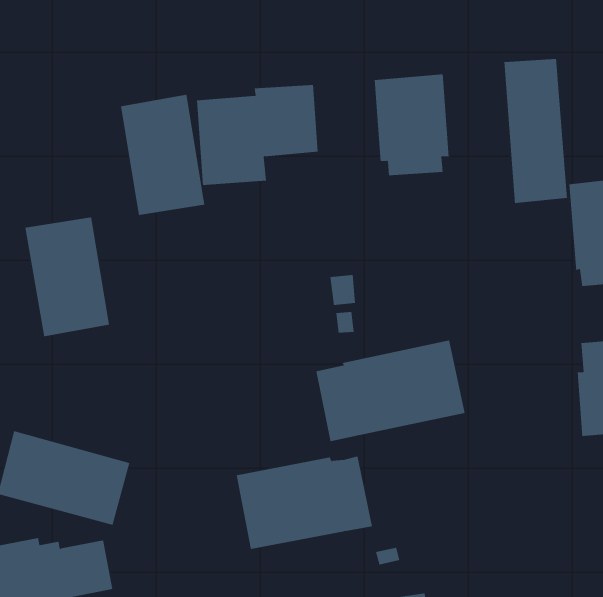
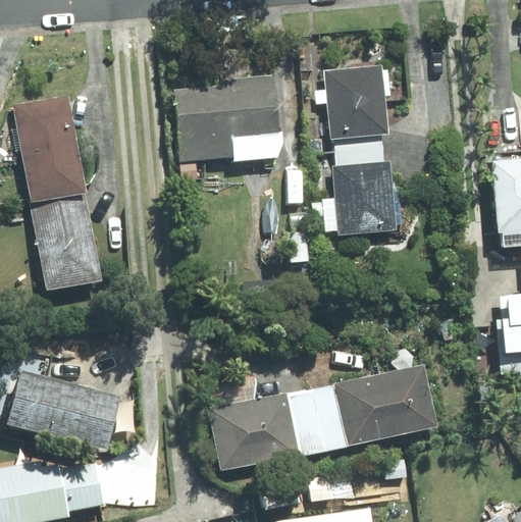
building: [504,58,568,204] -> none
building: [120,94,205,216] -> [13,95,86,198]
building: none -> [332,151,397,238]
building: [315,340,466,442] -> [312,365,439,452]

